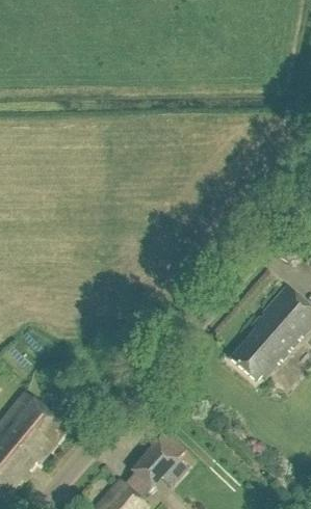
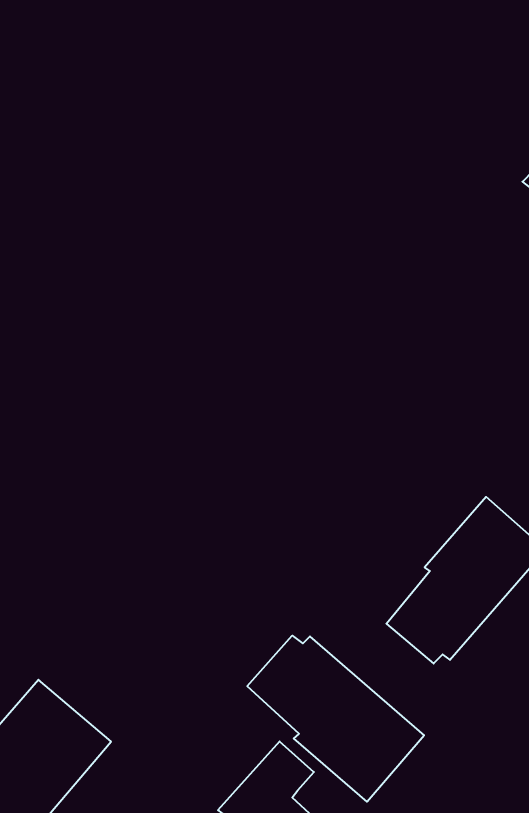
building: none -> [247,636,424,802]

